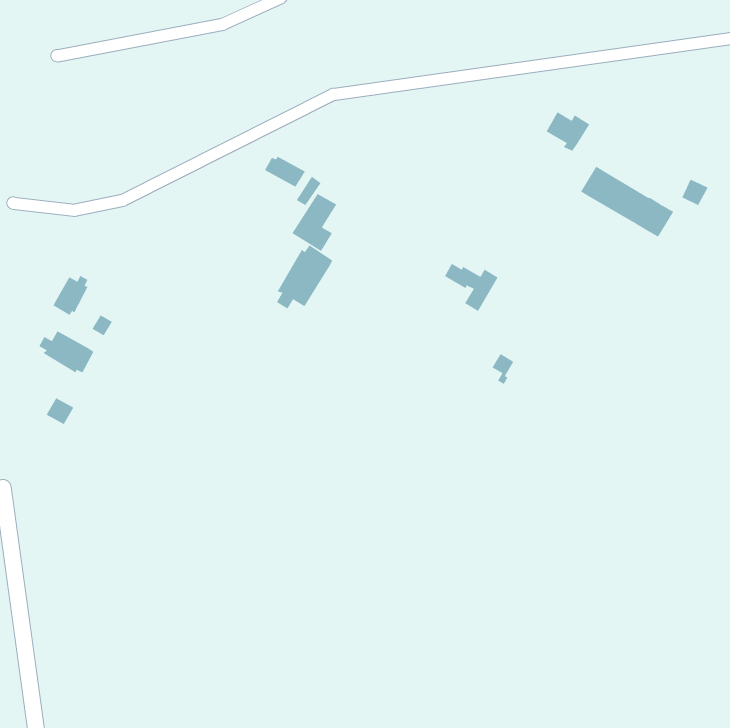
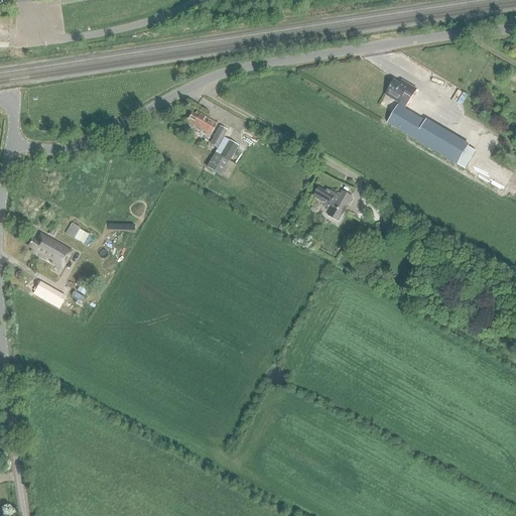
building: none -> [387,104,420,135]
building: [276,244,333,309] -> none
building: [53,275,88,316] -> none

